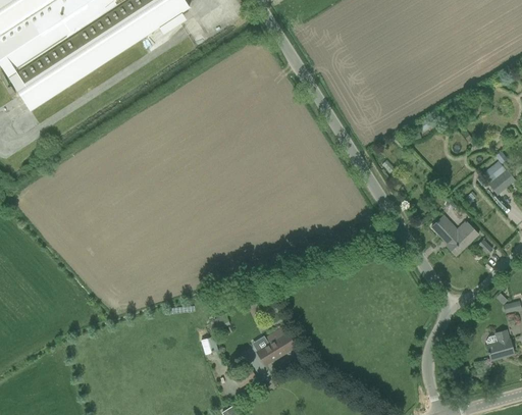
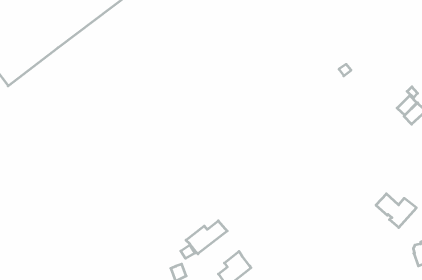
building: [431,215,478,256] -> [376,194,416,228]
building: none -> [186,221,227,254]

